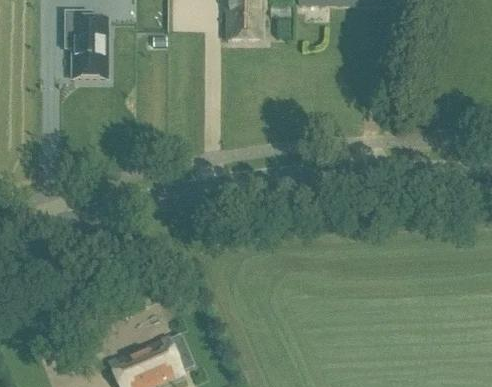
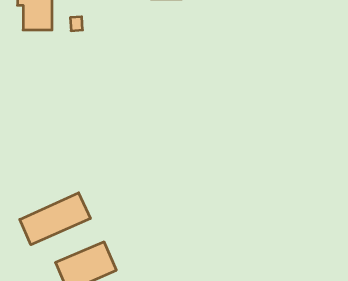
building: none -> [20,193,90,245]

